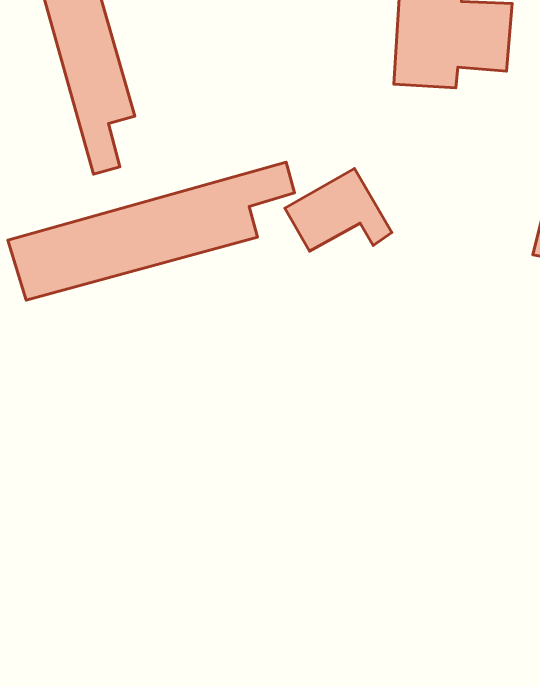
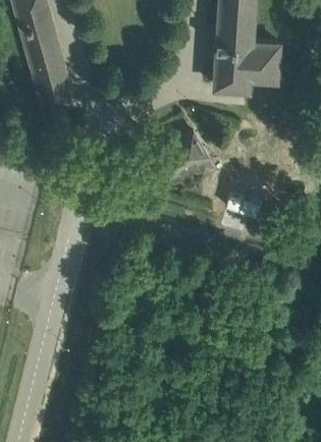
building: [8,162,295,300] -> none

